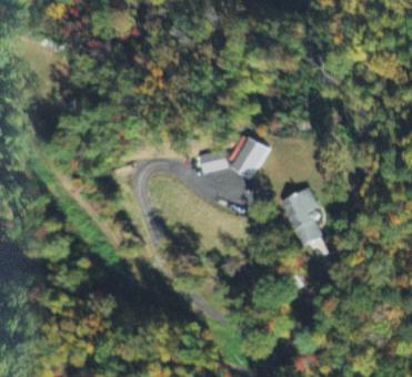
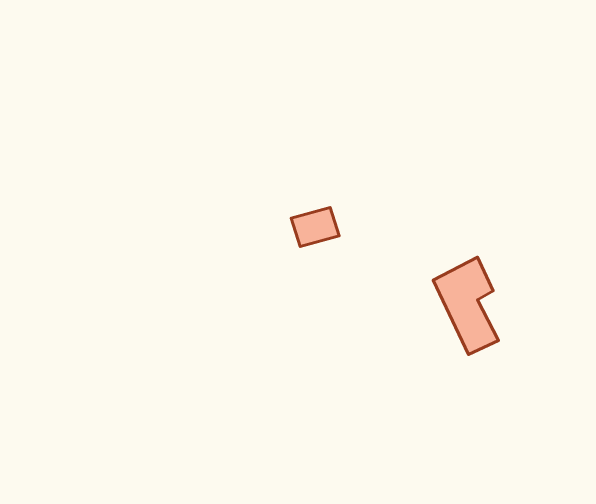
building: [227,141,262,182] -> none

